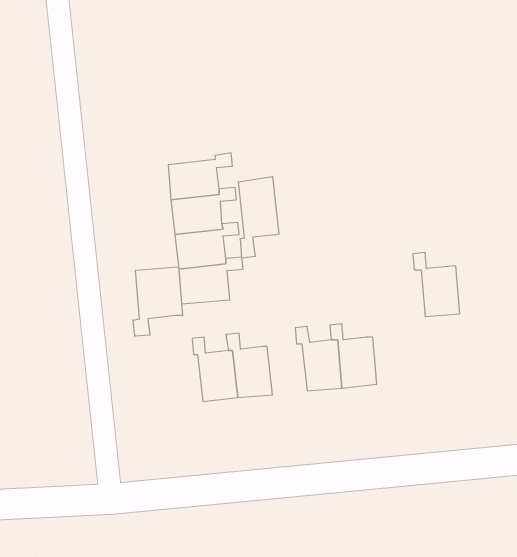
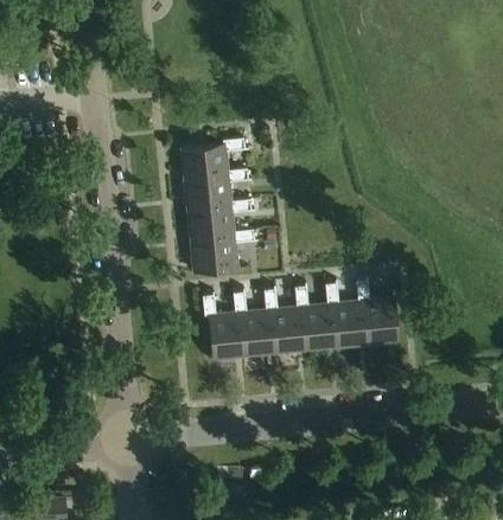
building: [238,176,279,258] -> none
building: [413,252,460,317] -> [356,288,397,345]
building: [133,267,183,336] -> none
building: none -> [263,297,305,354]

